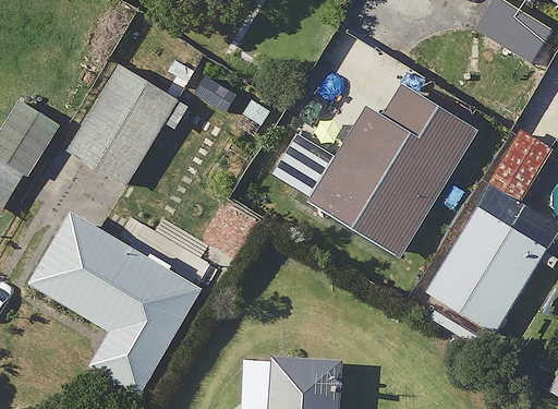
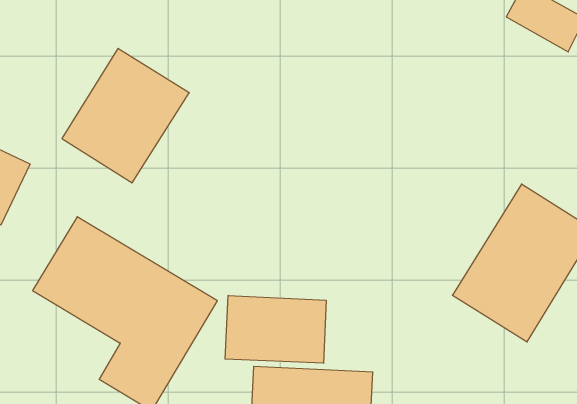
building: [310,75,475,257] -> none
building: none -> [225,295,326,363]

